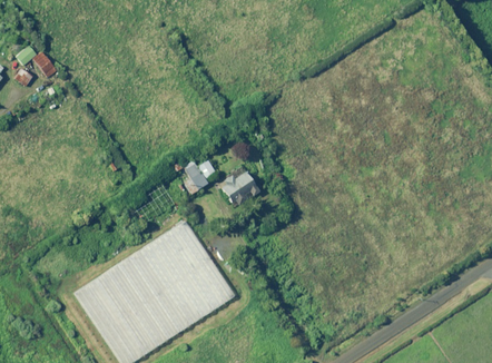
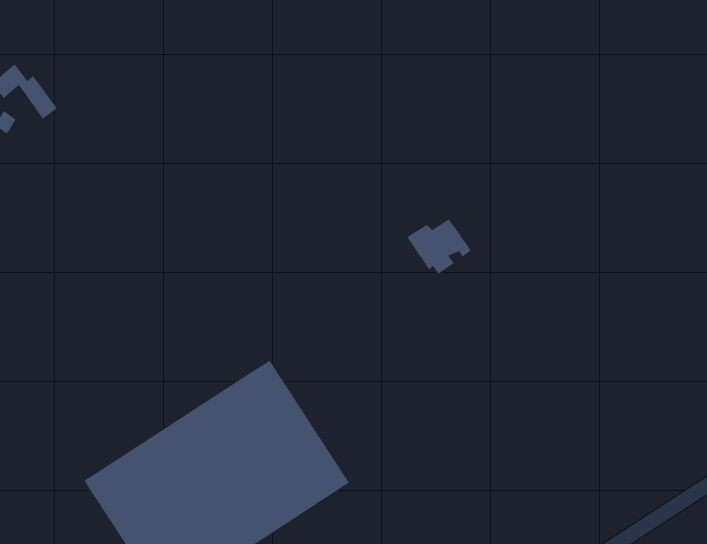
building: [186,160,217,195] -> none
building: [222,173,260,206] -> [406,218,472,274]

